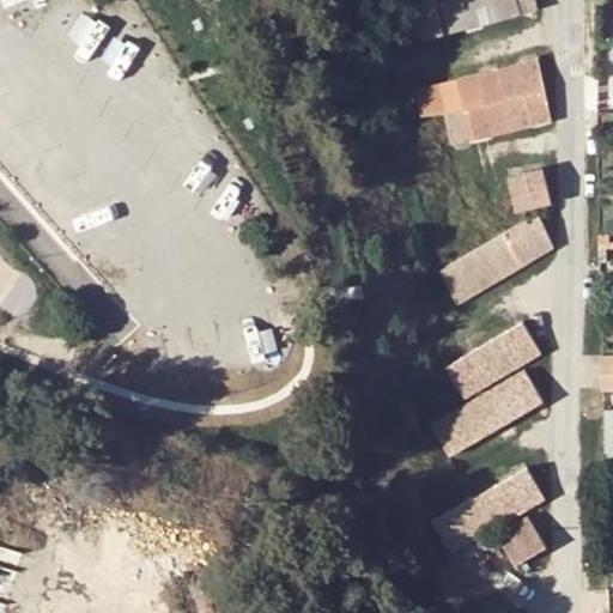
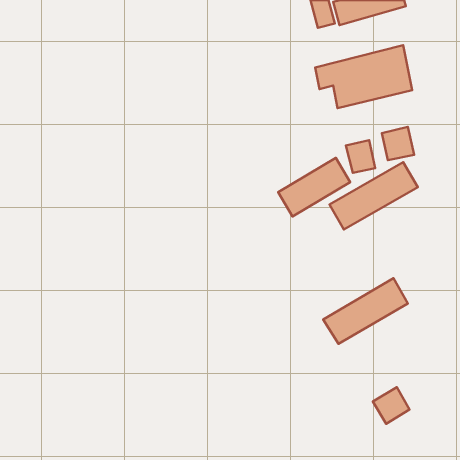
building: none -> [346,140,375,173]
building: [445,322,541,400] -> [278,158,350,216]
building: [431,467,547,556] -> none

